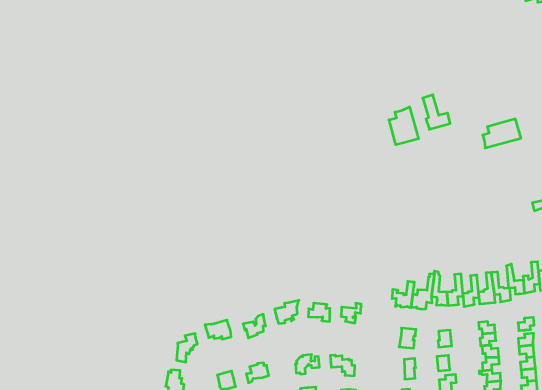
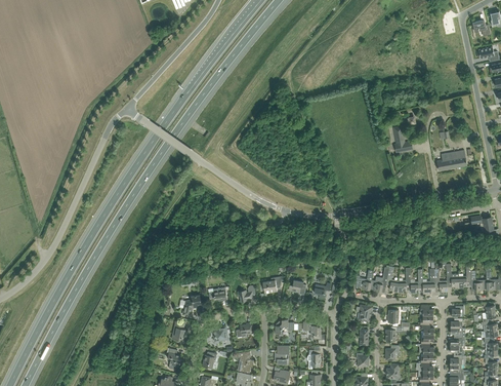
building: [389,107,419,145] -> none

